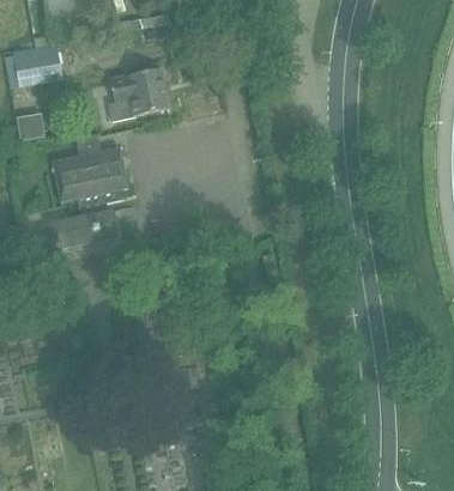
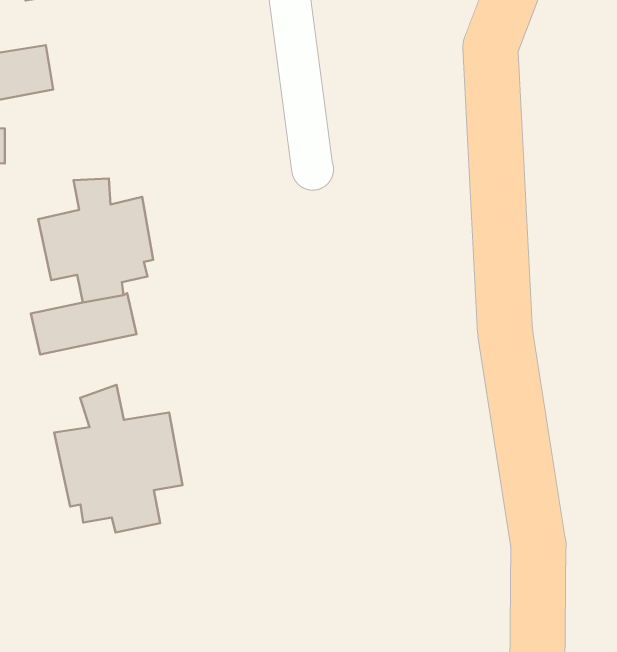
building: [109,67,167,119] -> none
building: none -> [54,385,182,533]

